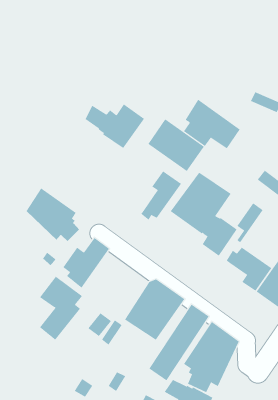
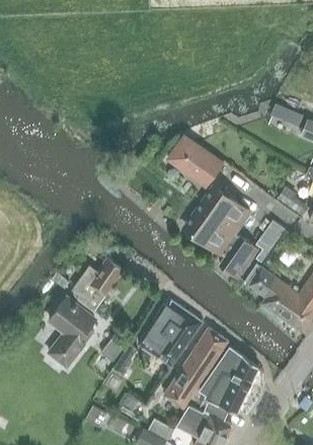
building: [183,99,241,149] -> none
building: [85,104,145,149] -> none
building: [141,171,182,220] -> none
building: [26,187,80,242] -> none

